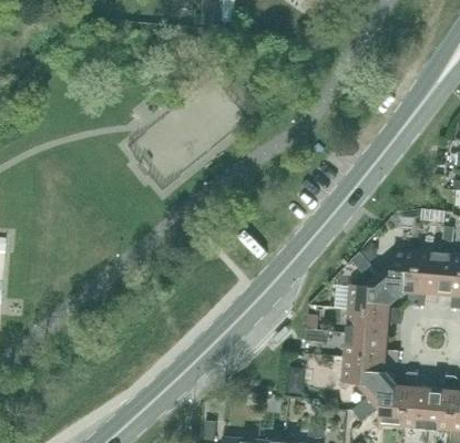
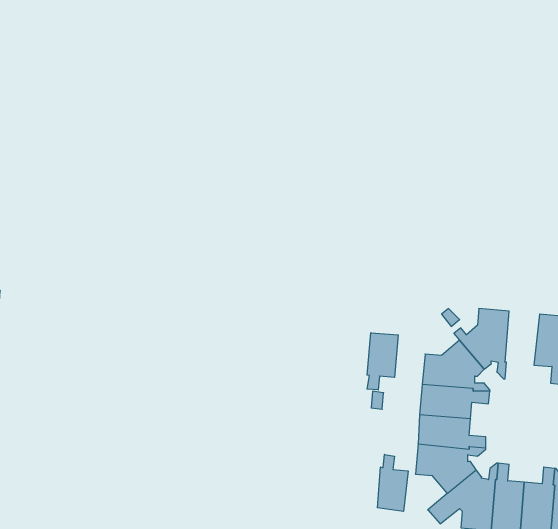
building: [415,250,442,306] -> none
building: none -> [367,333,398,390]
building: none -> [377,454,408,511]

